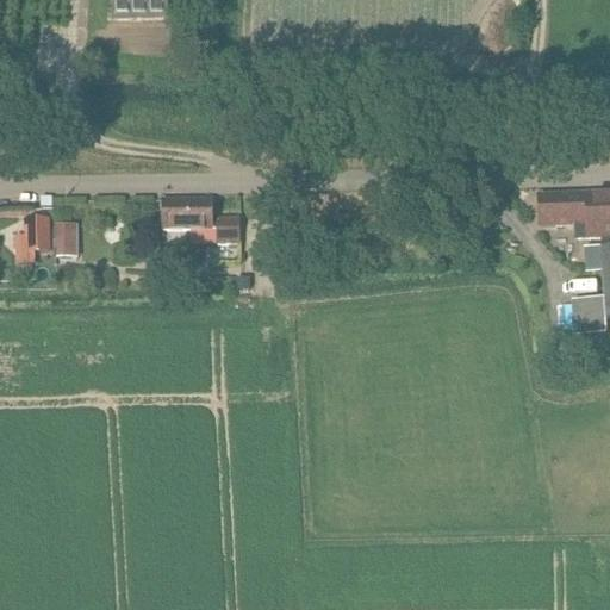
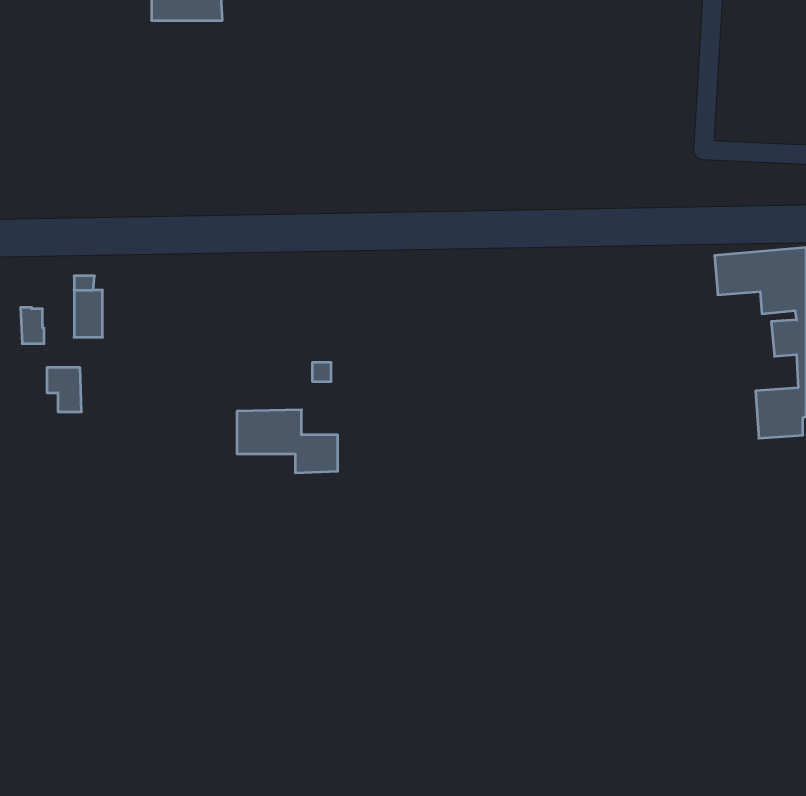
building: [163,193,239,241] -> [237,410,338,473]
building: [24,214,50,248] -> [47,368,82,412]

